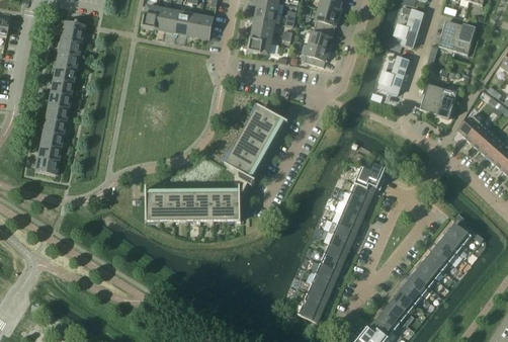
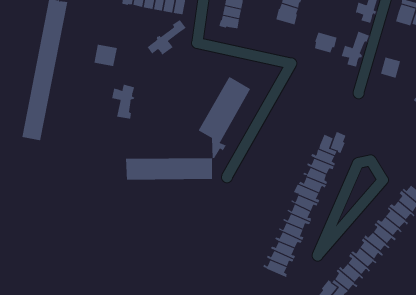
building: none -> [147,19,186,56]
building: [305,42,330,66] -> [314,32,338,53]
building: none -> [94,44,117,67]
building: [420,88,456,118] -> none
building: none -> [112,84,135,120]

